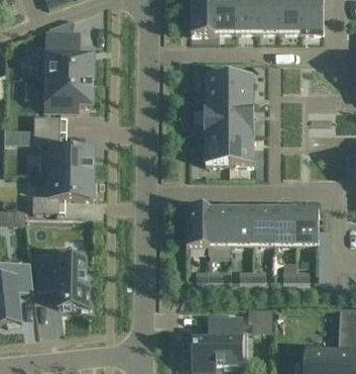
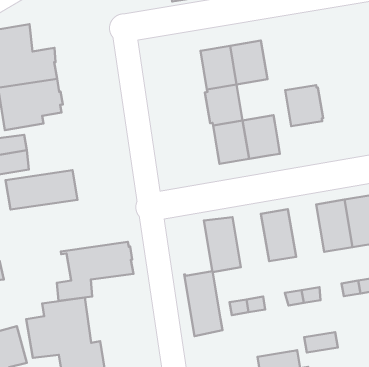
building: [228,105,253,133] -> [285,85,323,126]
building: [31,172,93,210] -> [57,242,133,301]
building: [208,206,230,255] -> [184,271,222,336]
building: [251,207,273,245] -> none

